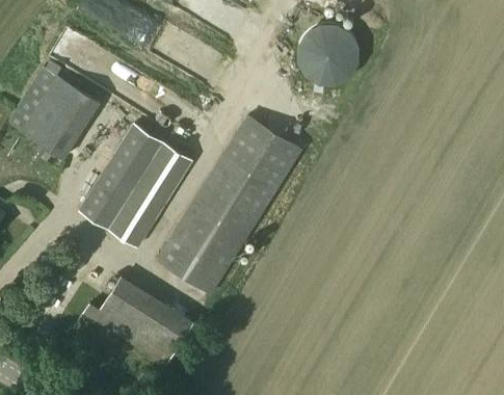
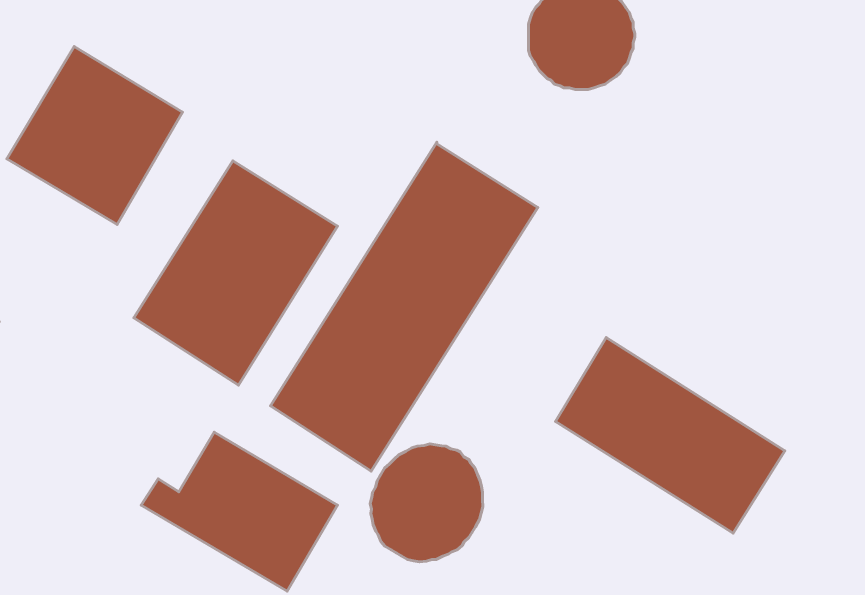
building: none -> [555,338,785,533]
building: none -> [370,444,483,562]

